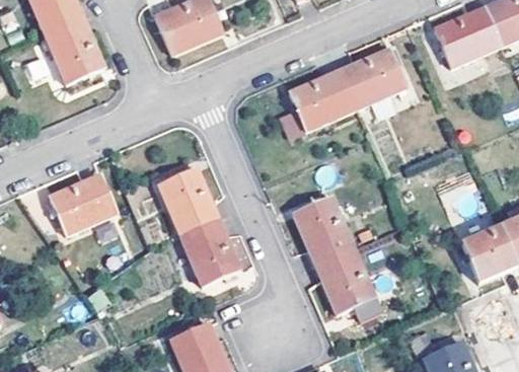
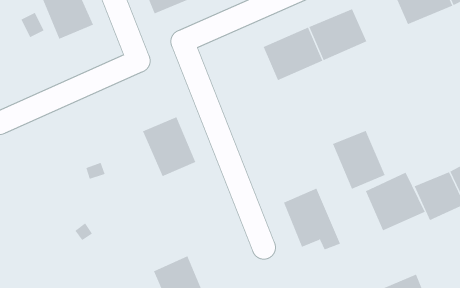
building: [49,173,116,233] -> none
building: [293,197,352,263] -> [332,130,385,190]
building: [180,218,240,284] -> none
building: none -> [365,172,425,231]

